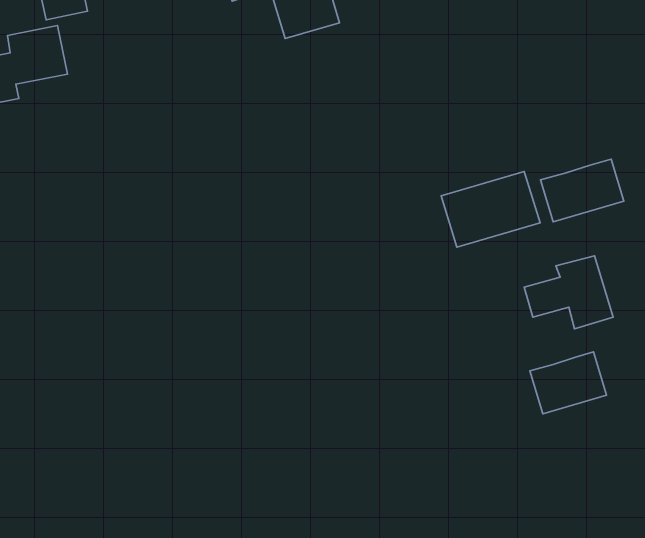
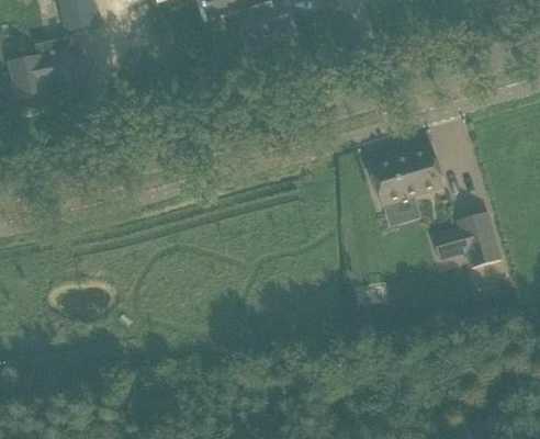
building: [540,159,624,222] -> none
building: [530,352,606,414] -> none

